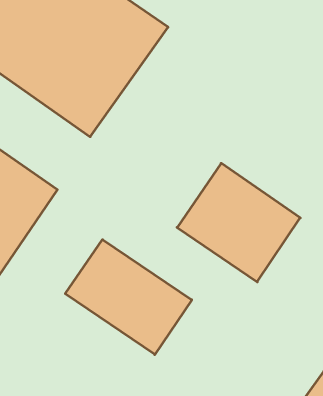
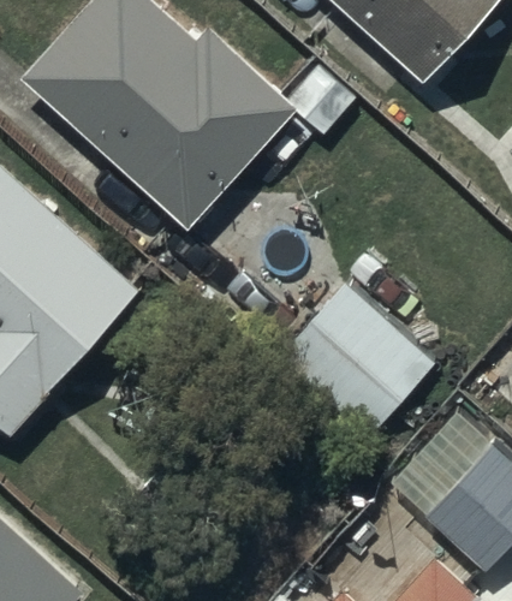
building: [65,240,192,355] -> none

